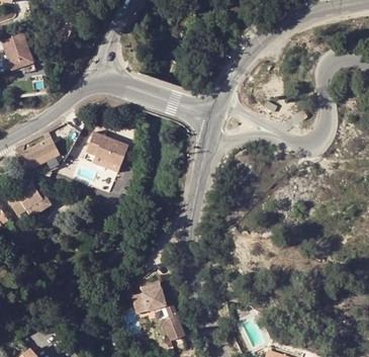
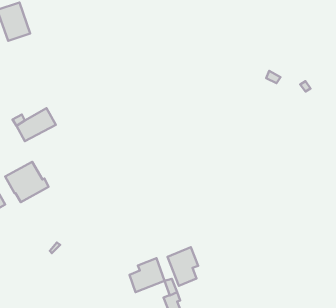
building: [86,130,128,165] -> none
building: none -> [168,247,198,286]

